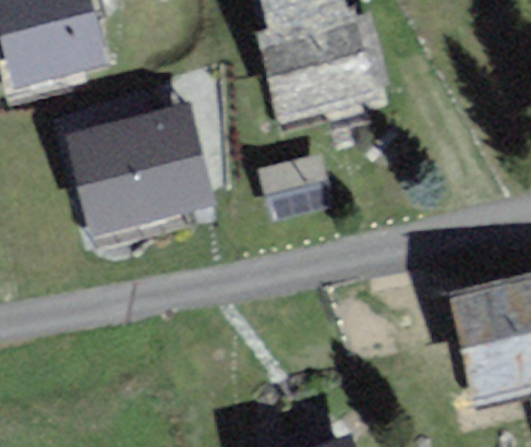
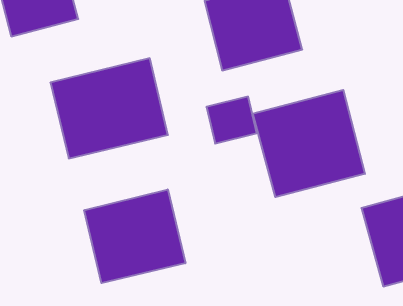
building: none -> [253,90,365,197]
building: none -> [84,189,185,283]

